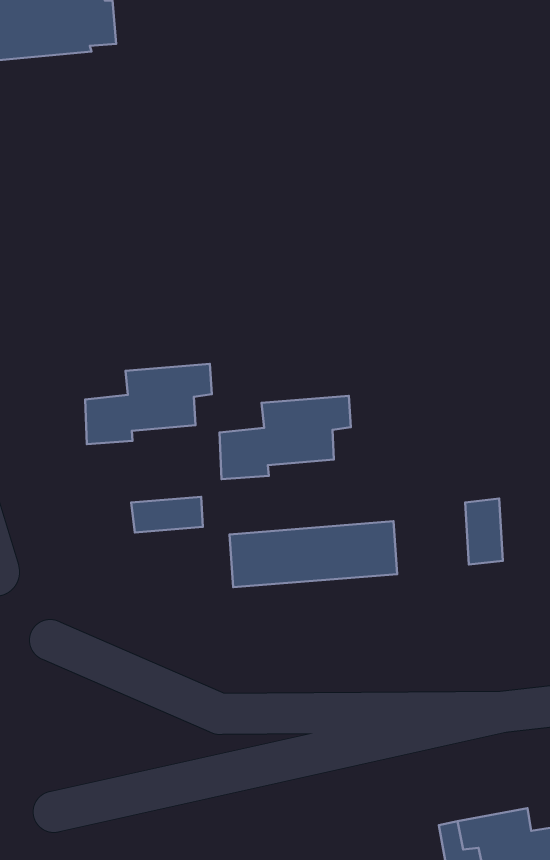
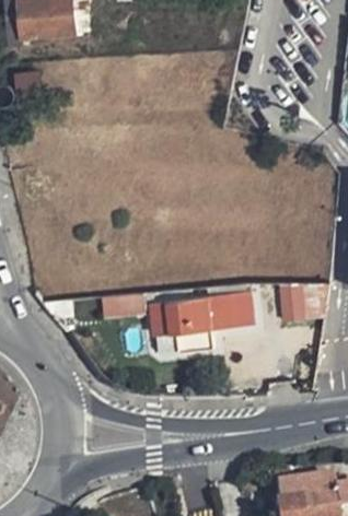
building: [85,364,212,444] -> none
building: [220,396,351,479] -> none

